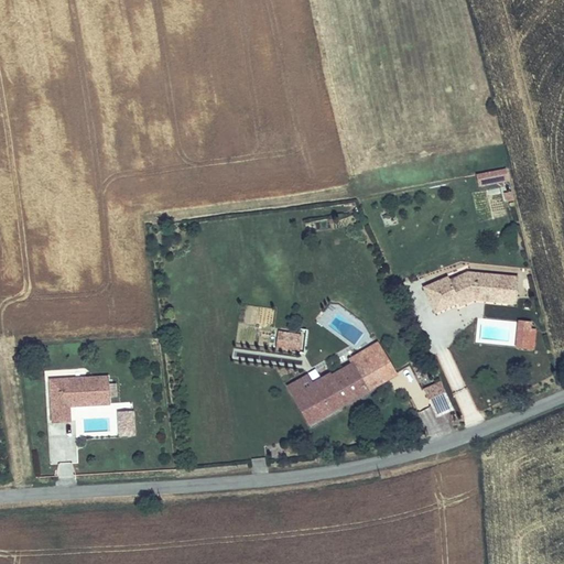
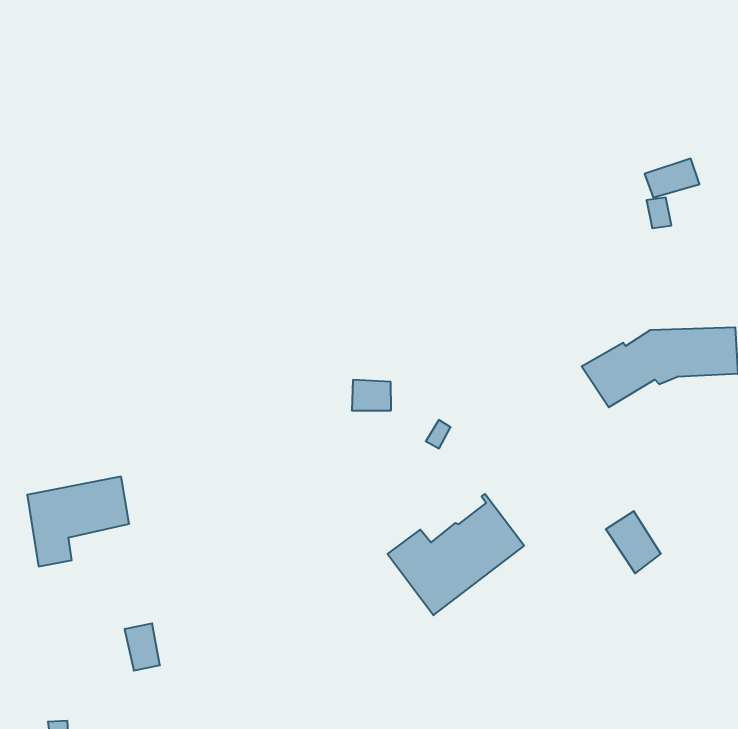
building: [274,329,301,351] -> [352,380,391,410]
building: [349,340,397,392] -> none
building: [48,375,109,423] -> [27,477,129,566]

